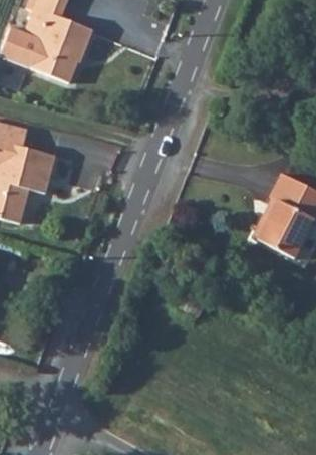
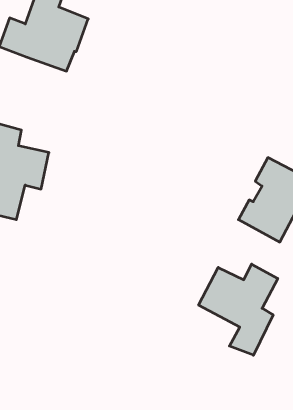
building: none -> [199,264,278,355]

